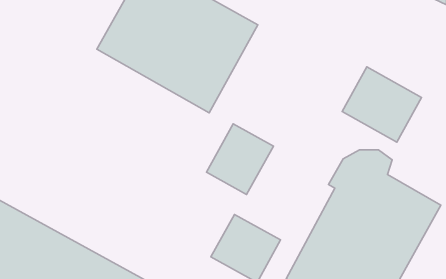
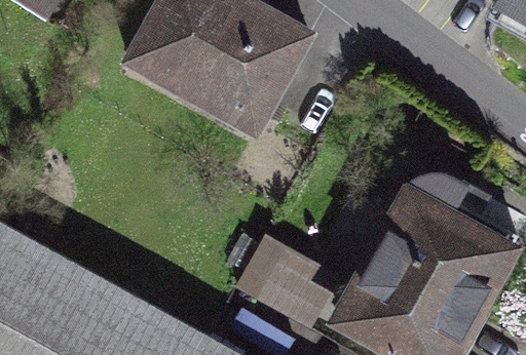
building: [342,67,421,142] -> none
building: [206,124,273,195] -> none

